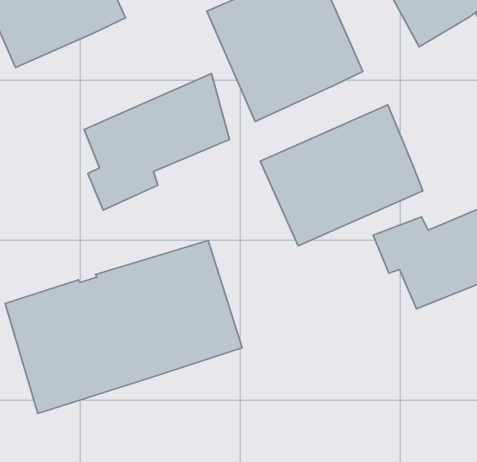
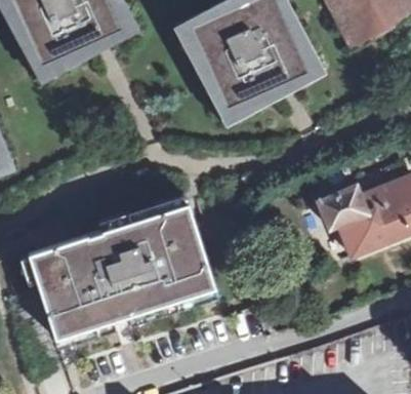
building: [84,73,229,210] -> none
building: [260,105,423,246] -> none

